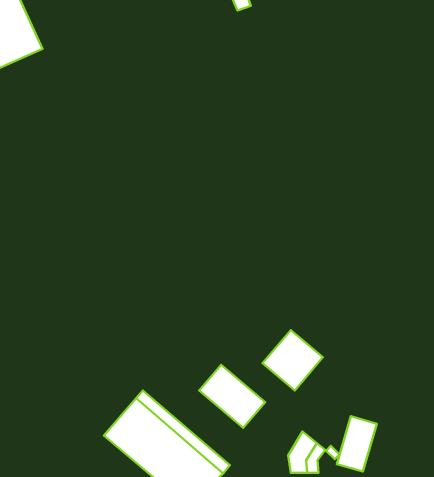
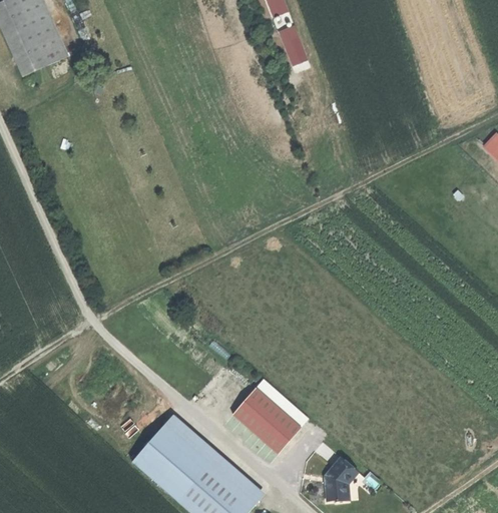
building: none -> [277,24,306,65]
building: [263,330,323,390] -> none
building: [337,416,377,472] -> none

